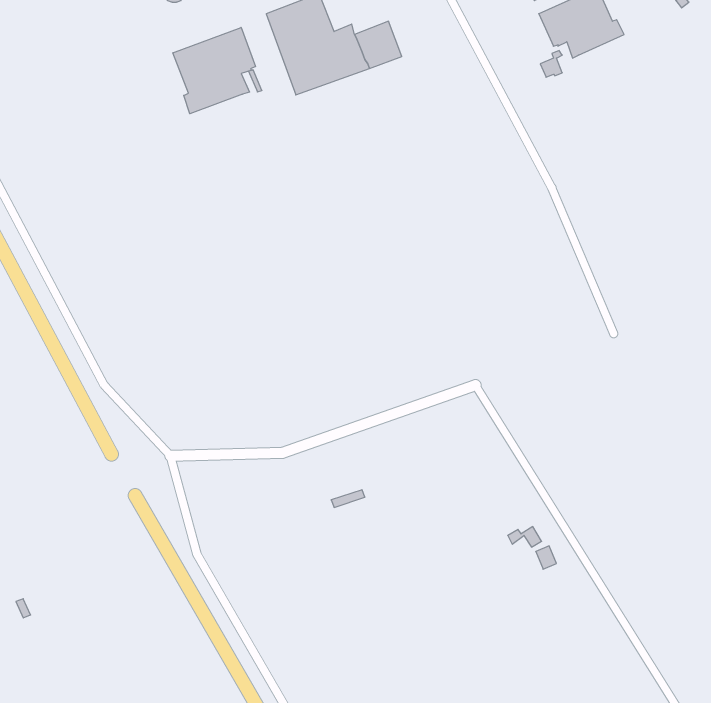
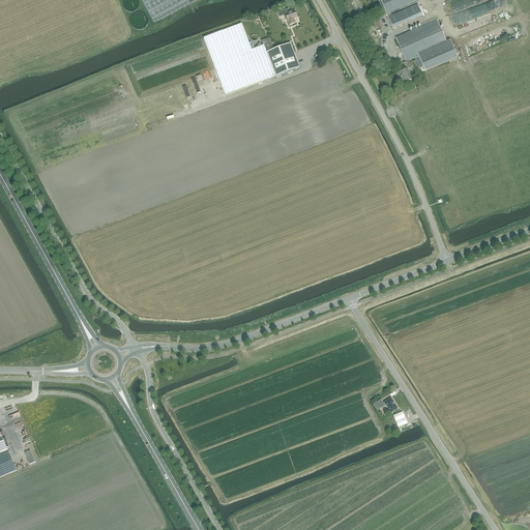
building: [173,27,255,114] -> none

